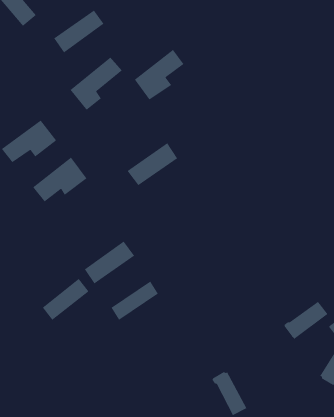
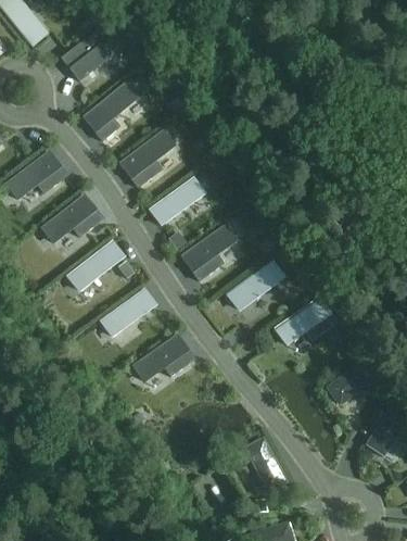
building: [134,49,184,100] -> [120,128,178,187]
building: none -> [182,223,239,273]
building: none -> [227,264,282,312]
building: none -> [275,301,334,347]
building: [42,278,89,321] -> [71,242,125,291]

